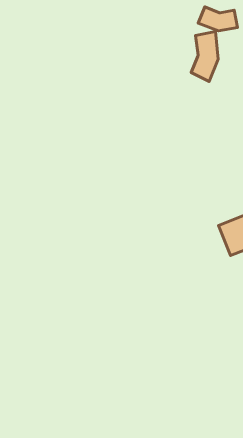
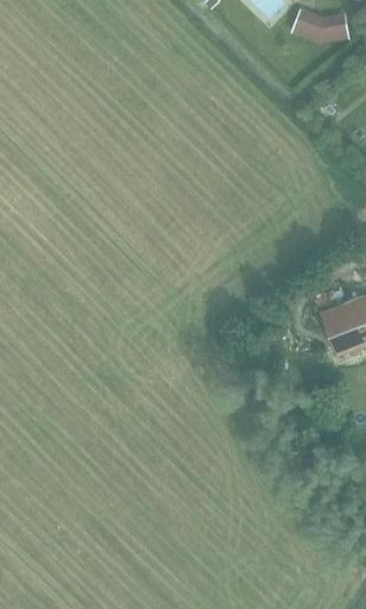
building: [191,31,218,82] -> none

